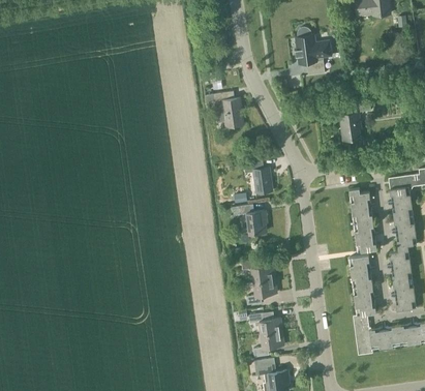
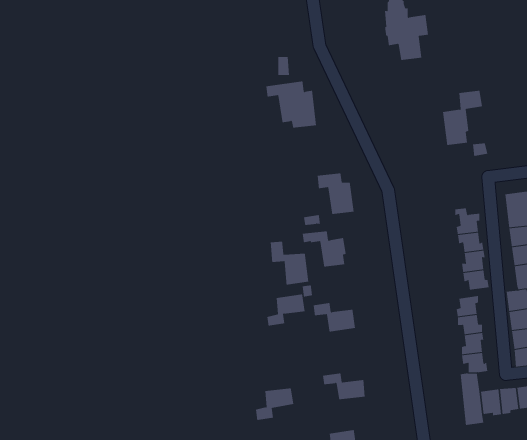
building: none -> [270,241,309,286]
building: [246,280,276,305] -> [266,294,305,326]
building: [253,333,283,358] -> [255,388,294,420]

